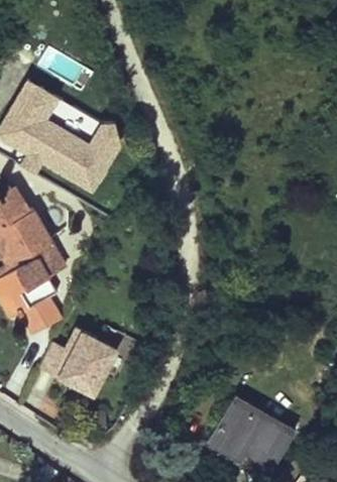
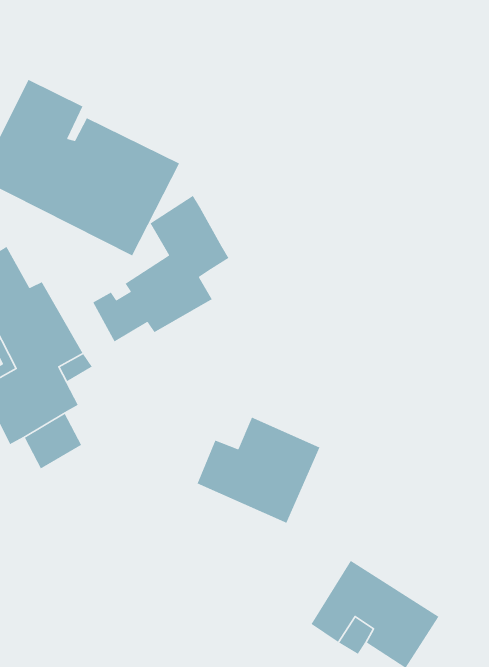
building: none -> [92,195,230,342]
building: [37,327,119,397] -> [196,416,321,524]

